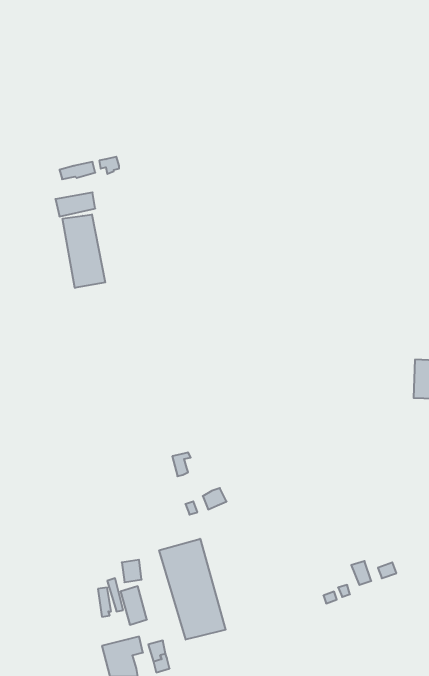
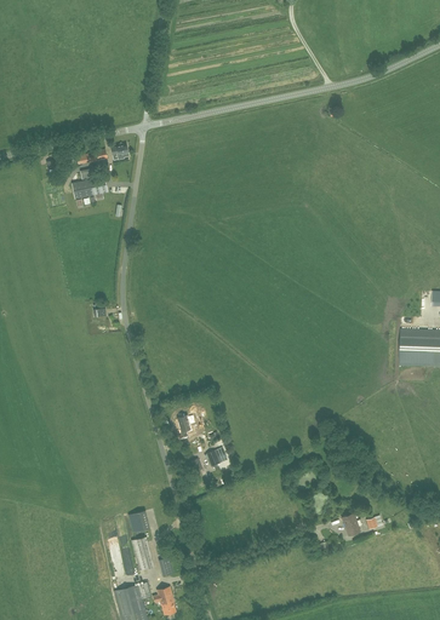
building: [63,214,105,288] -> none
building: [159,539,226,640] -> none

